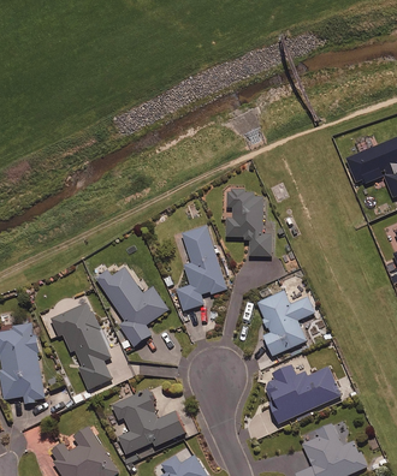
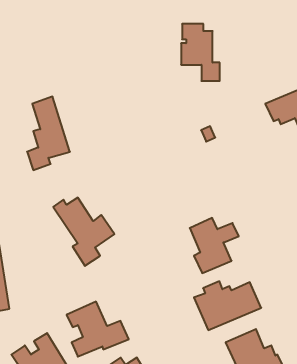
building: [226,189,272,256] -> [181,24,220,81]
building: [177,225,227,311] -> [27,97,70,170]
building: [52,303,112,389] -> none

